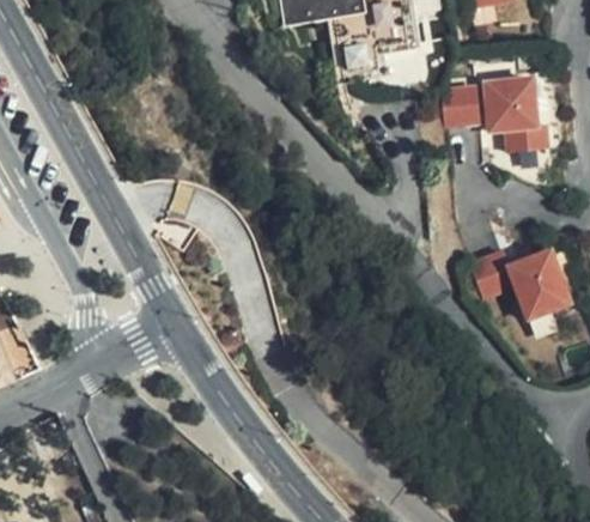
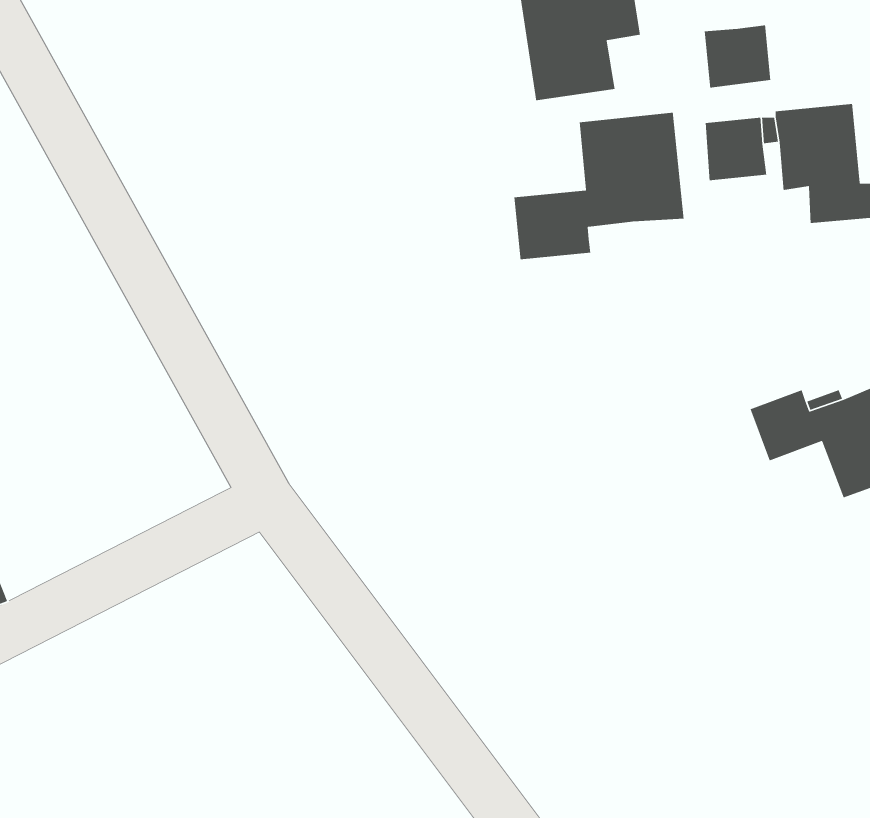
building: none -> [704,25,771,89]
building: none -> [514,112,684,260]

